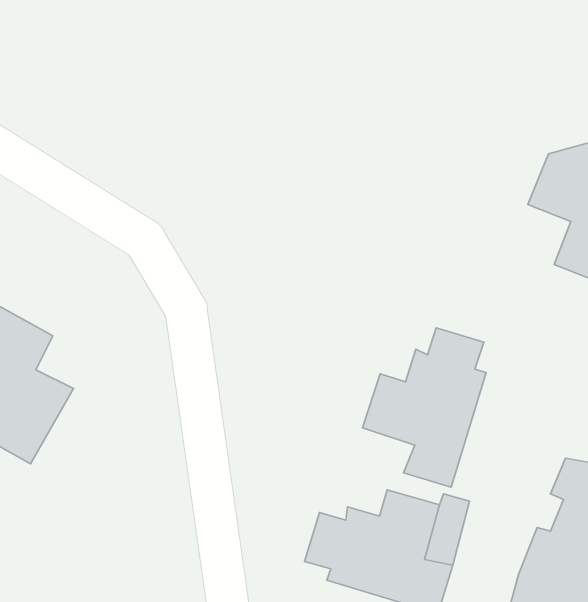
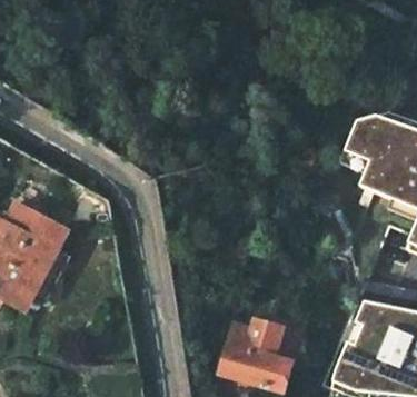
building: [363,328,486,487] -> none

